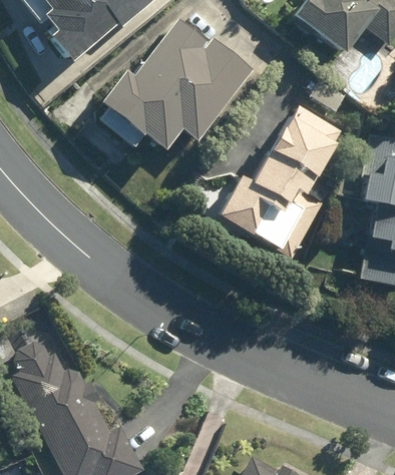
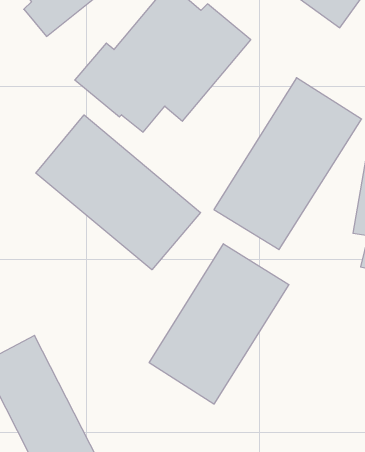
building: none -> [36,115,201,270]
building: none -> [149,244,289,404]

